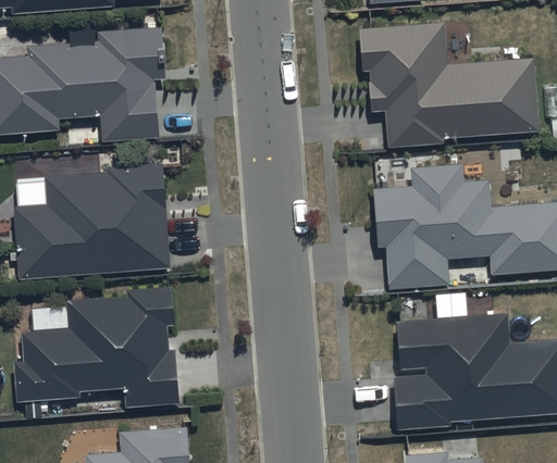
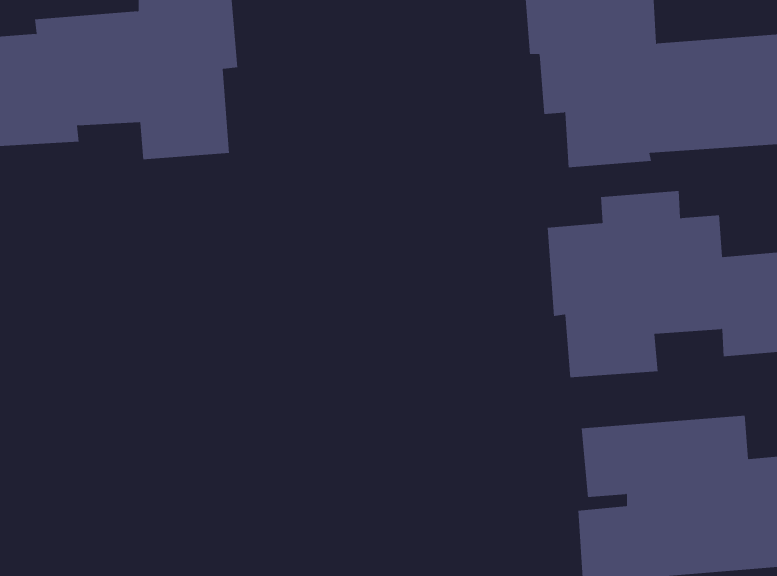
building: [13,164,170,280] -> none
building: [14,287,178,408] -> none

